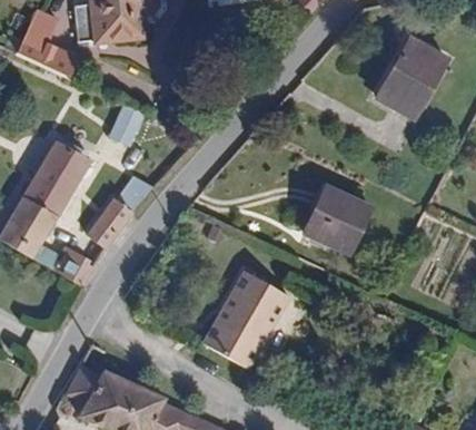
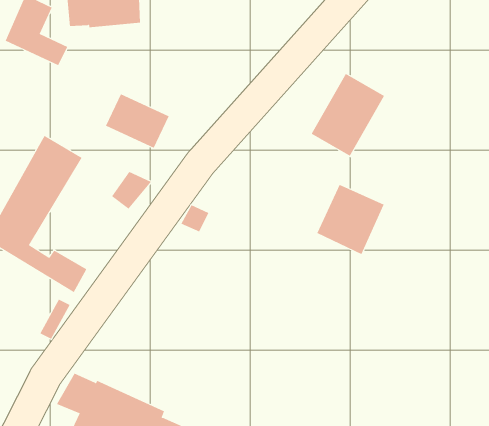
building: [378,38,447,116] -> [311,73,385,157]
building: [86,195,132,248] -> none
building: [205,270,289,369] -> none

